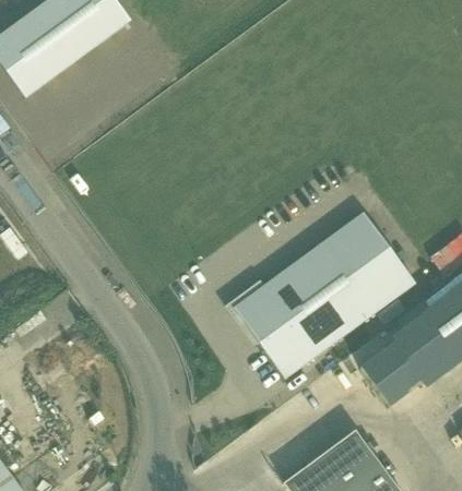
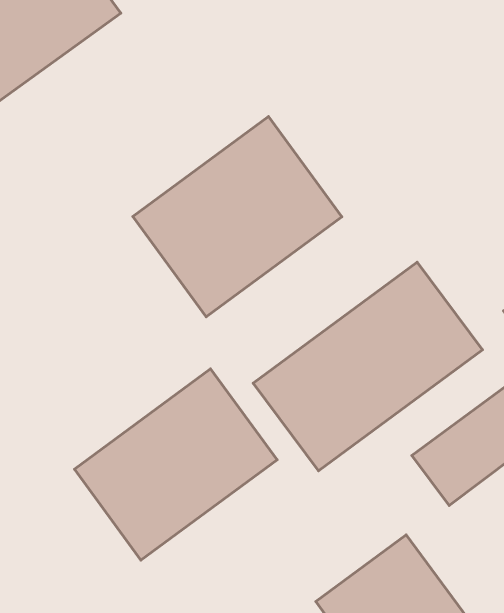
building: none -> [133,117,342,317]
building: none -> [74,369,277,560]

